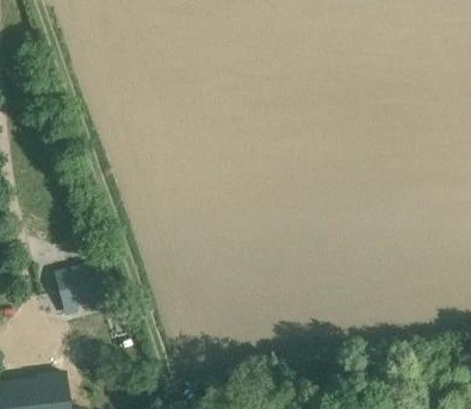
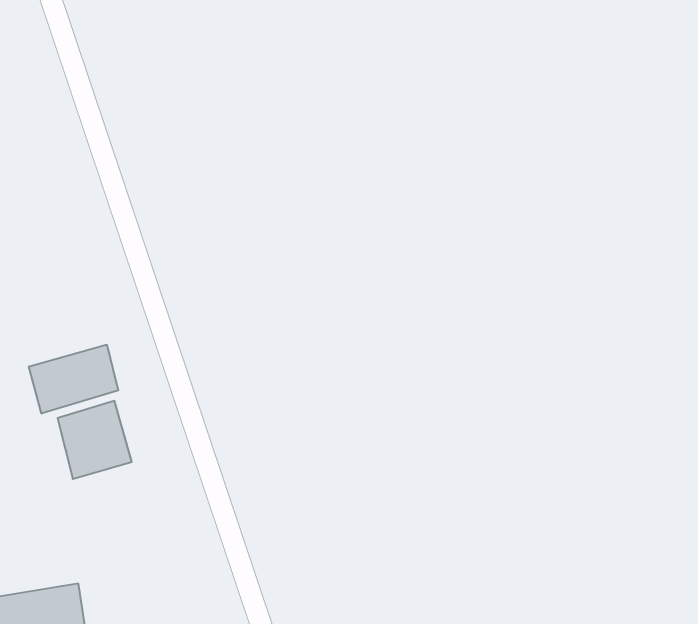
building: none -> [29,345,118,414]

